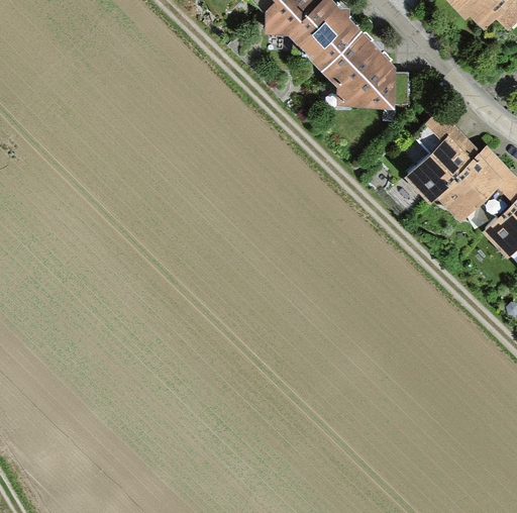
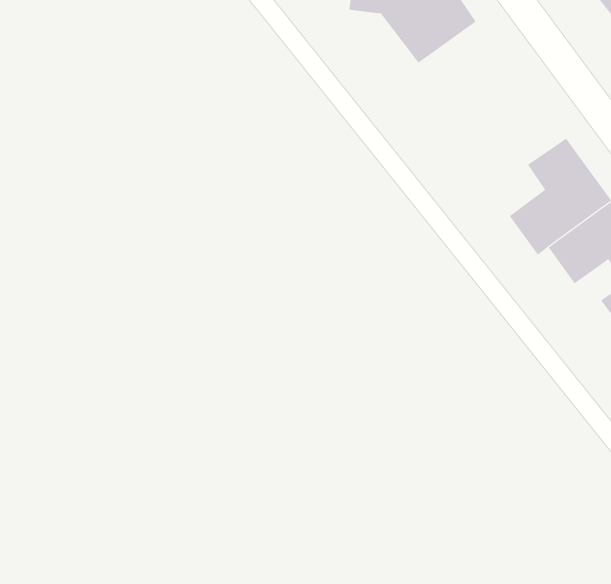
building: [322,32,409,110] -> none

